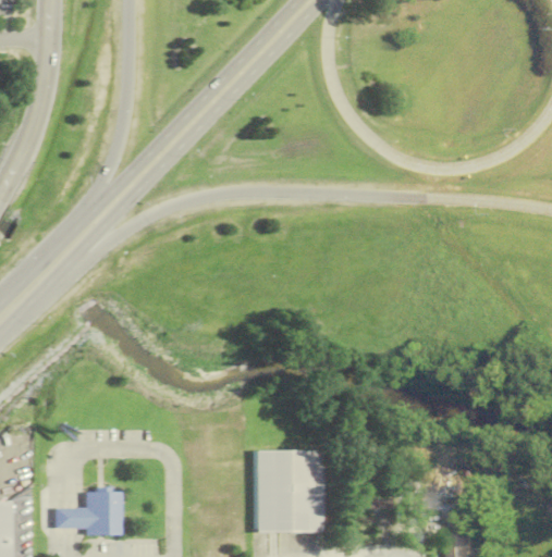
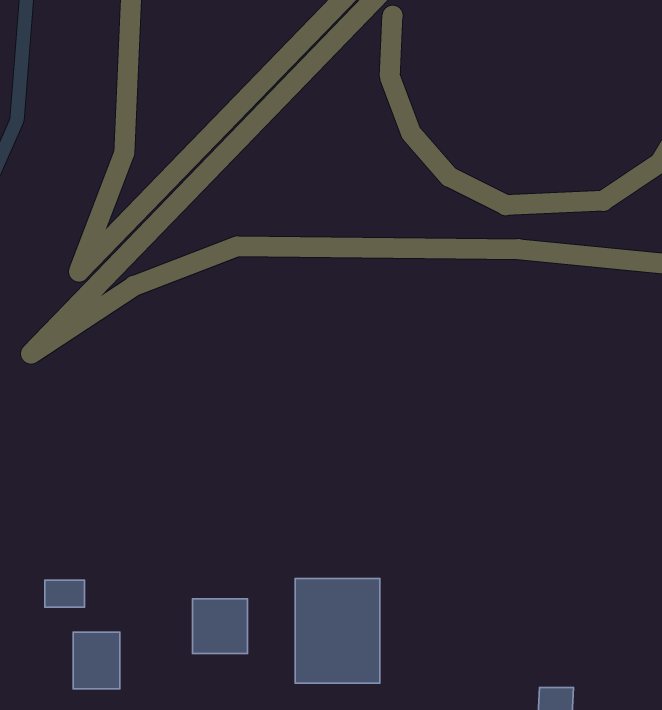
building: none -> [192,599,248,653]
building: [56,508,86,529] -> [45,580,85,607]

